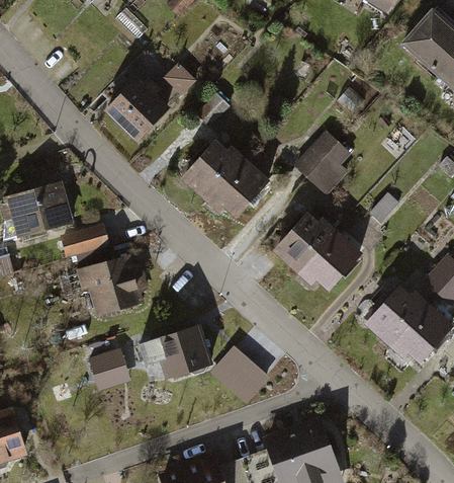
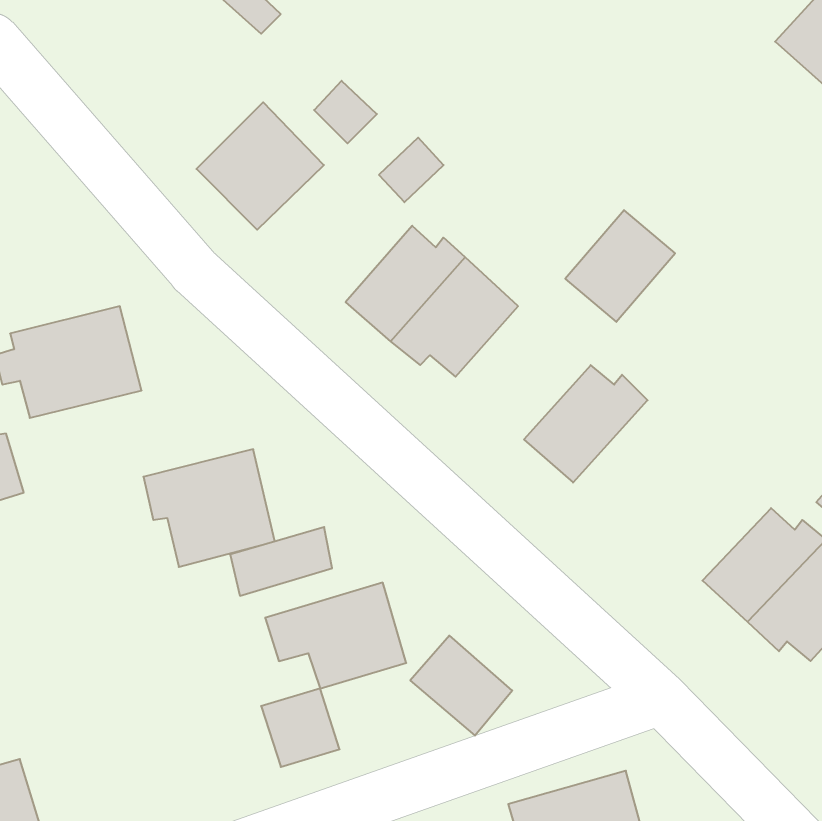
building: [60,225,112,260] -> [230,527,332,596]
building: [297,229,363,291] -> none
building: [89,350,129,391] -> [261,688,340,767]

